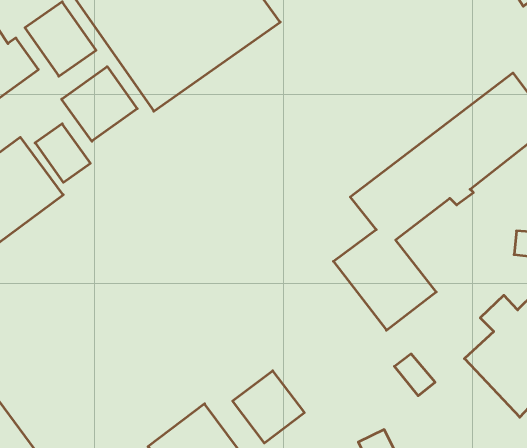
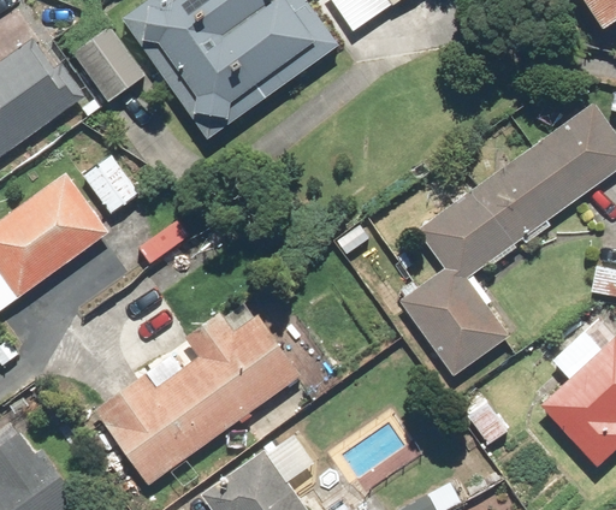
building: [62,67,137,141] -> none
building: none -> [96,310,300,486]
building: [233,371,304,443] -> none

